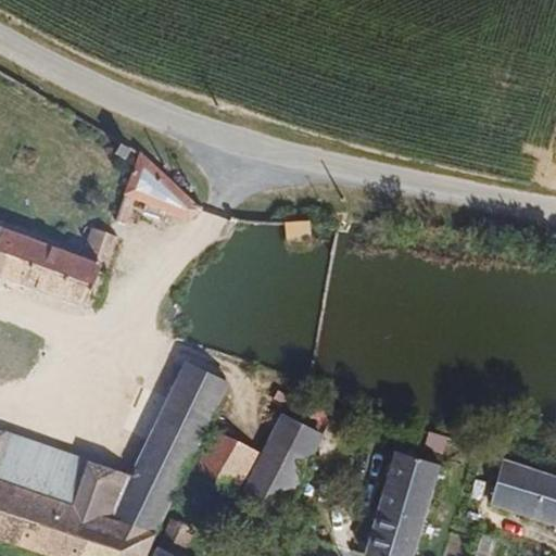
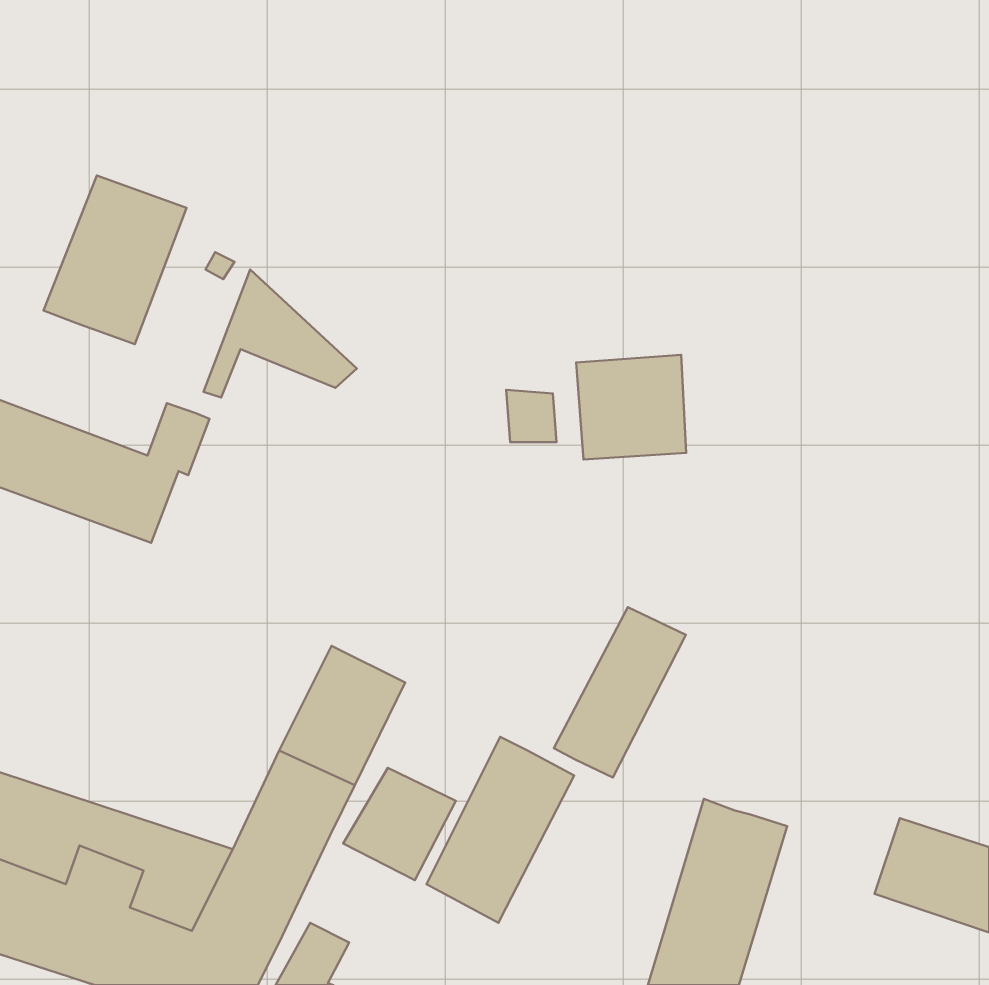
building: none -> [43,175,187,344]
building: none -> [576,355,686,459]
building: none -> [554,607,686,777]

